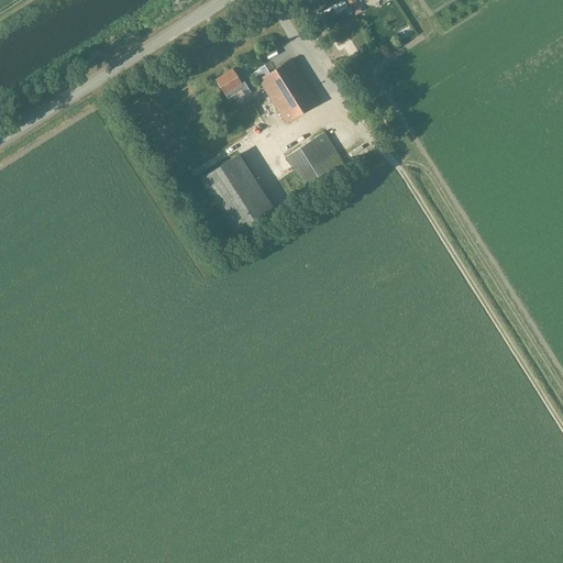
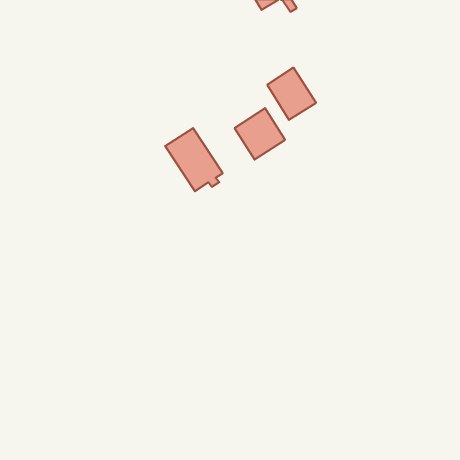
building: [260,58,319,122] -> [267,68,316,120]
building: [217,68,250,99] -> none

